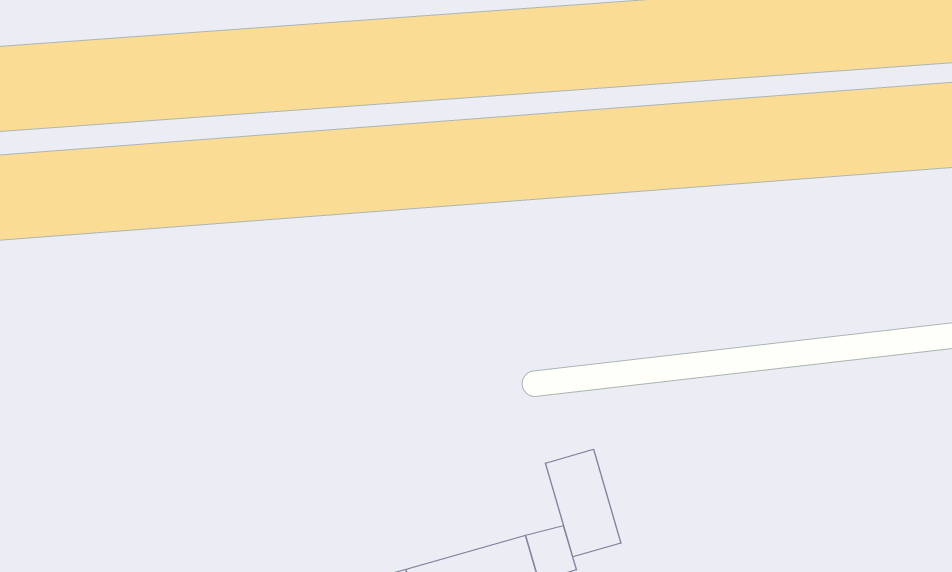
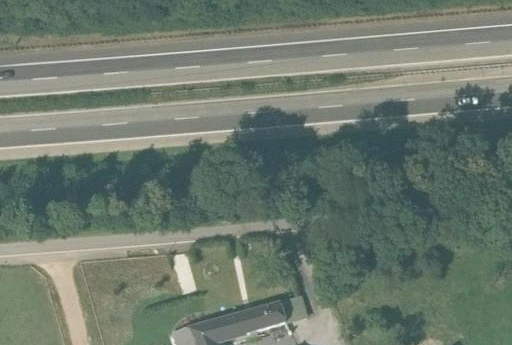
building: [545,449,621,557] -> none

